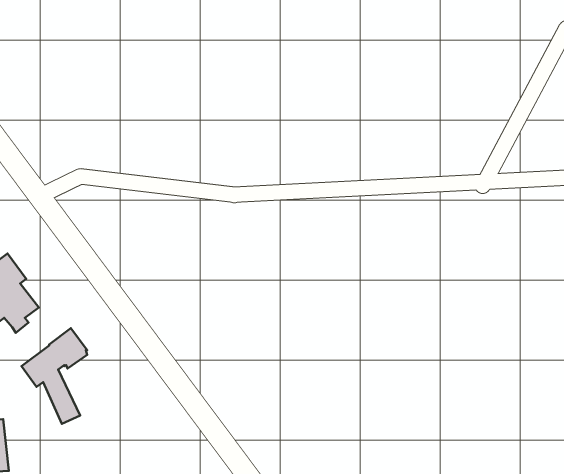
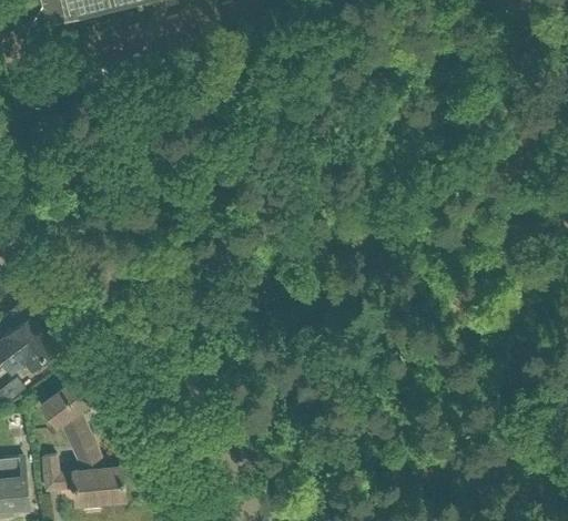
building: none -> [41,456,124,504]

